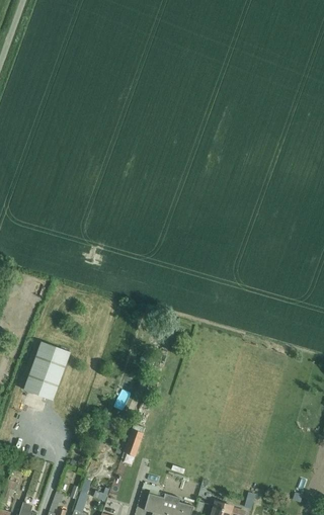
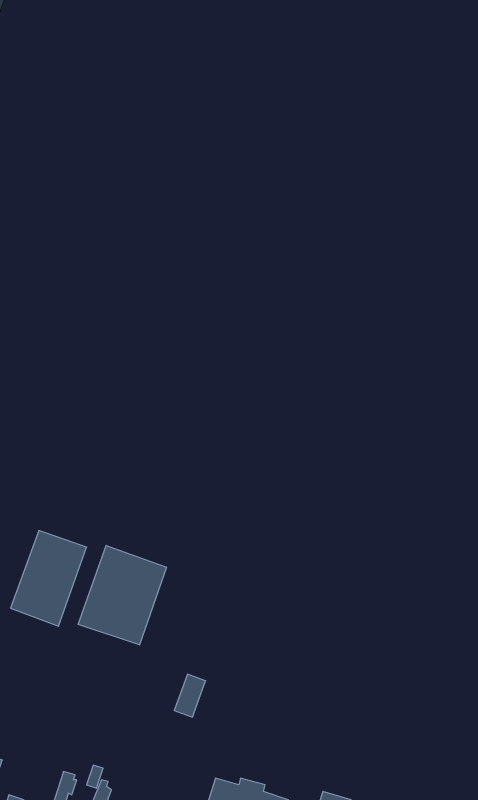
building: none -> [78,545,166,645]

